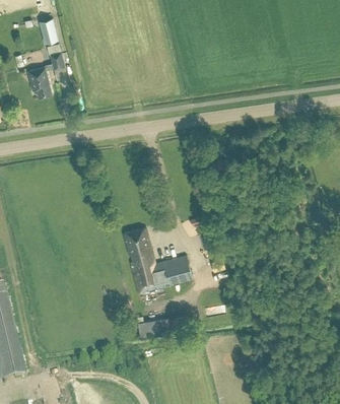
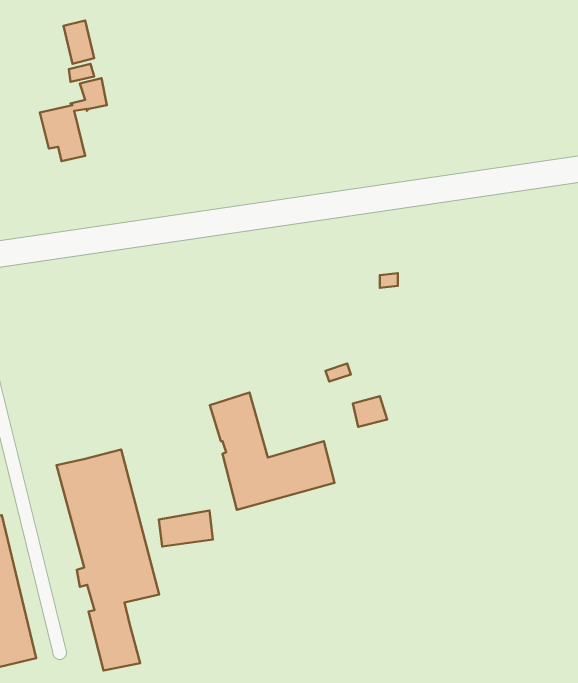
building: none -> [57,450,159,671]
building: [138,315,168,335] -> [159,510,213,547]

